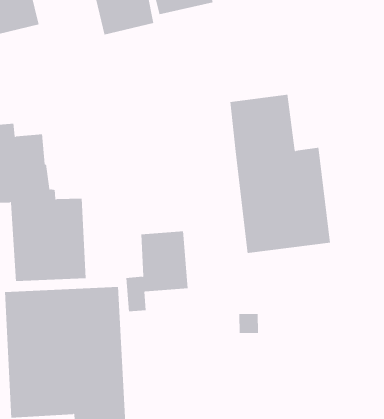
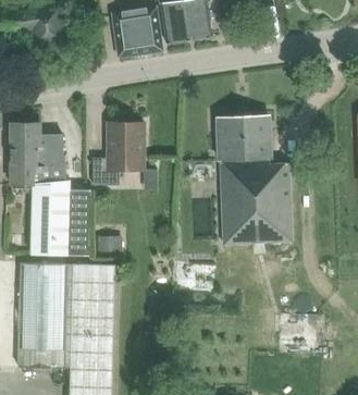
building: [126,231,189,312] -> [92,122,144,185]

